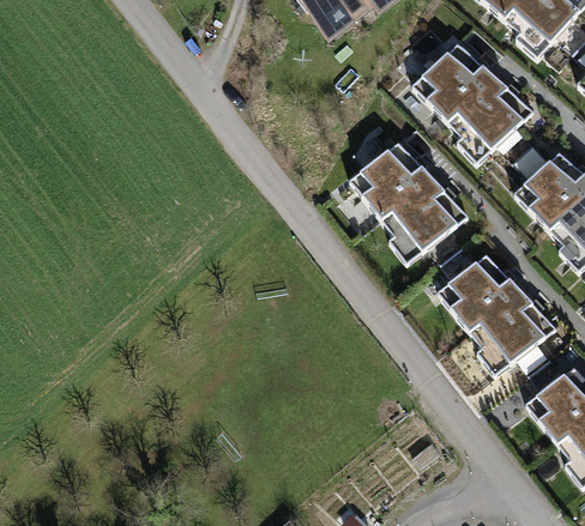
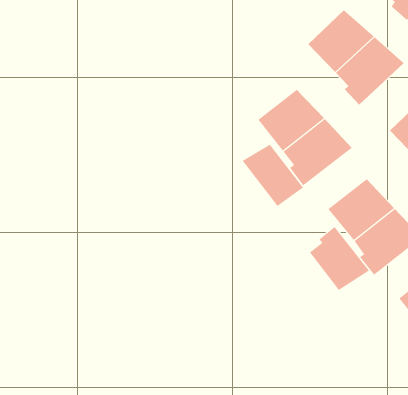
building: none -> [242,144,304,207]
building: none -> [309,226,370,291]

